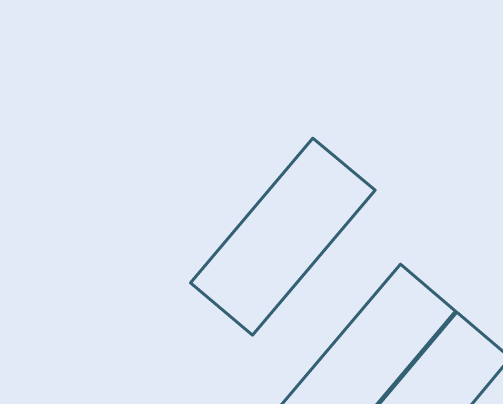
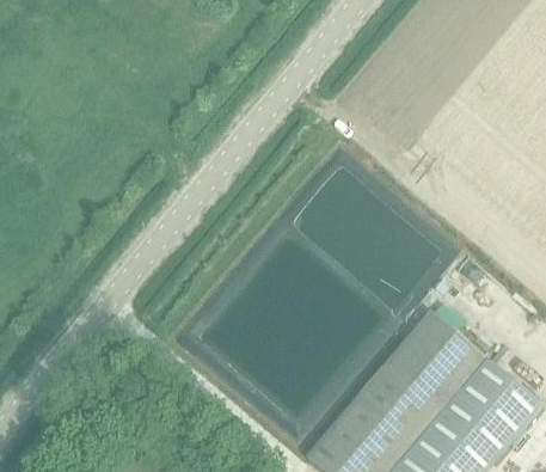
building: [190,138,375,335] -> none

